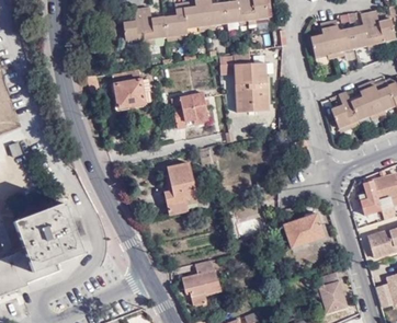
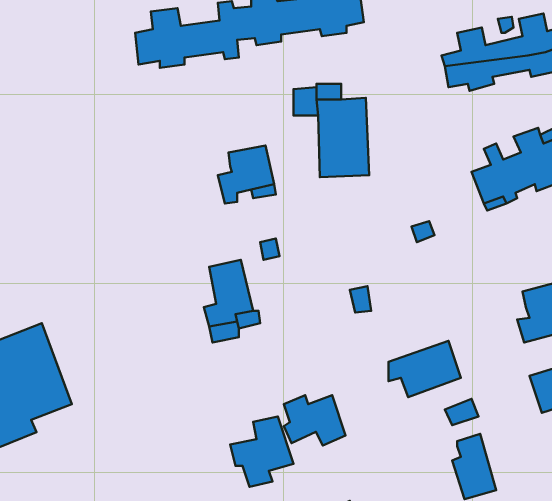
building: [113,69,150,108] -> none
building: none -> [284,395,346,446]

